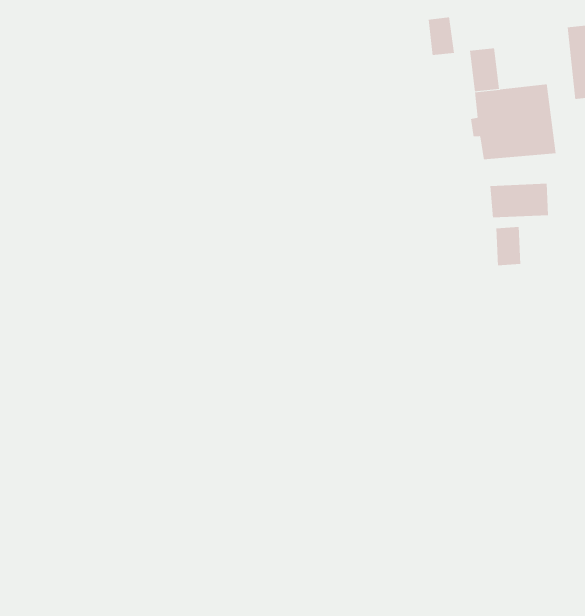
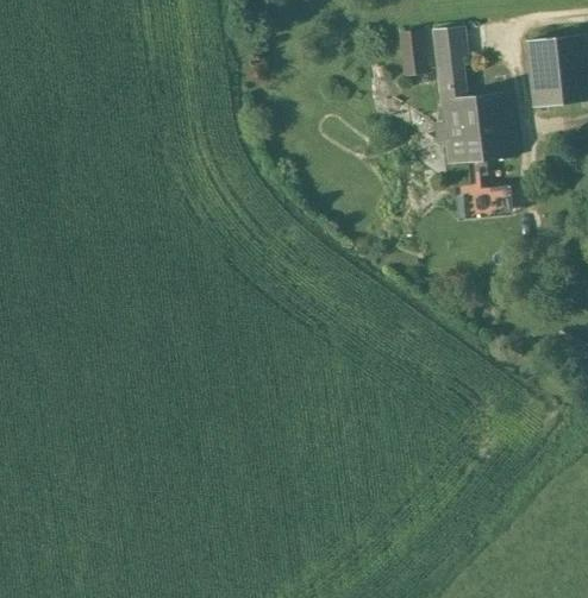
building: none -> [432,27,467,62]
building: [496,226,521,266] -> none

